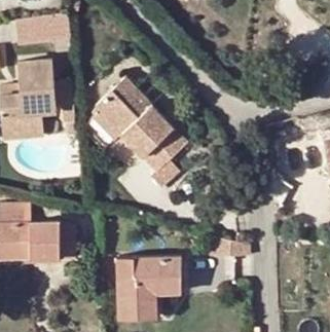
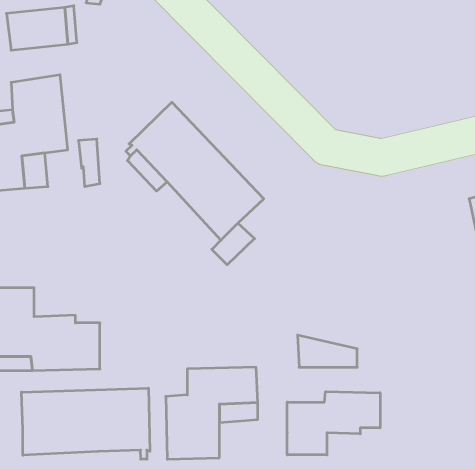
building: none -> [21,388,150,459]
building: none -> [287,392,380,455]

